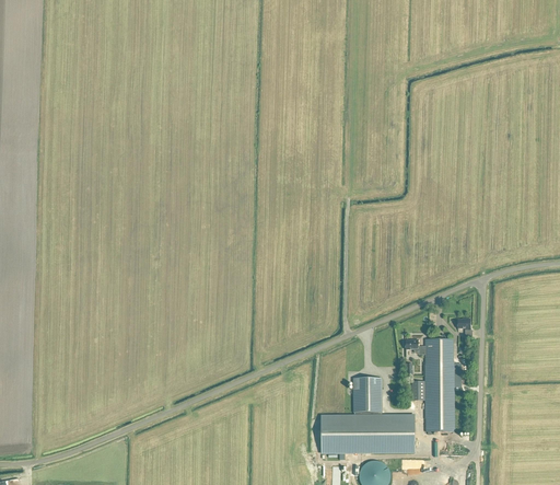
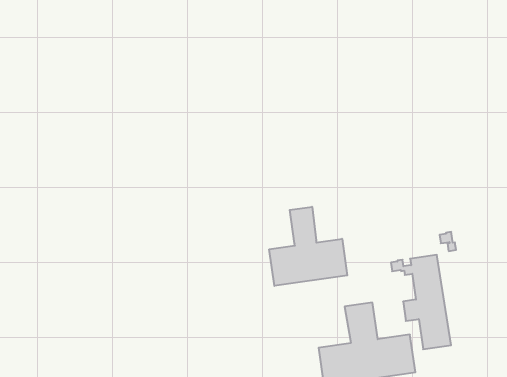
building: none -> [269,207,347,286]

